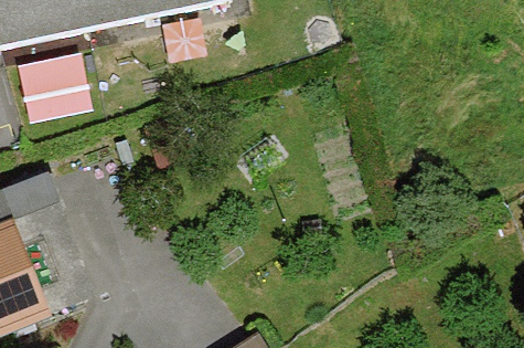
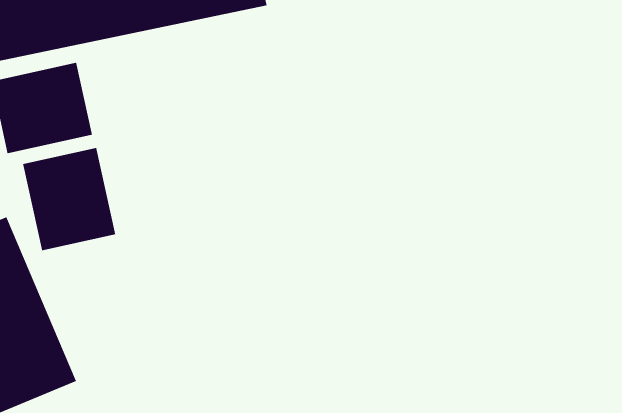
building: none -> [23,147,116,251]

